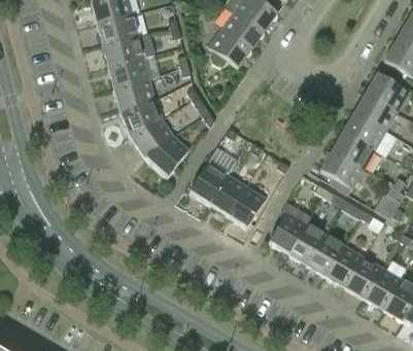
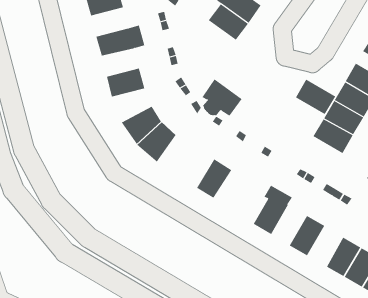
building: [98,13,138,44] -> none
building: [208,27,251,67] -> [201,79,242,117]
building: [109,57,149,86] -> none
building: [119,99,163,135] -> none
building: [320,149,364,187] -> [295,79,336,115]
building: [190,161,228,204] -> none
building: [228,185,266,227] -> none
building: [288,221,325,265] -> none
building: [326,244,364,287] -> none

